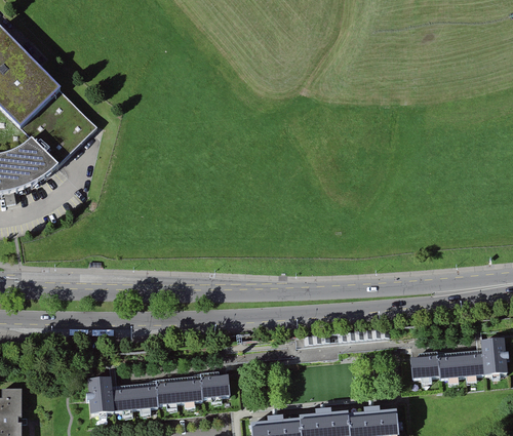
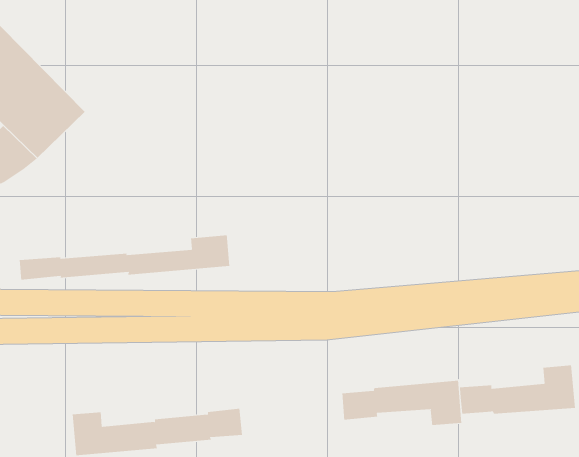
building: none -> [19,234,230,280]
building: none -> [342,380,462,426]

